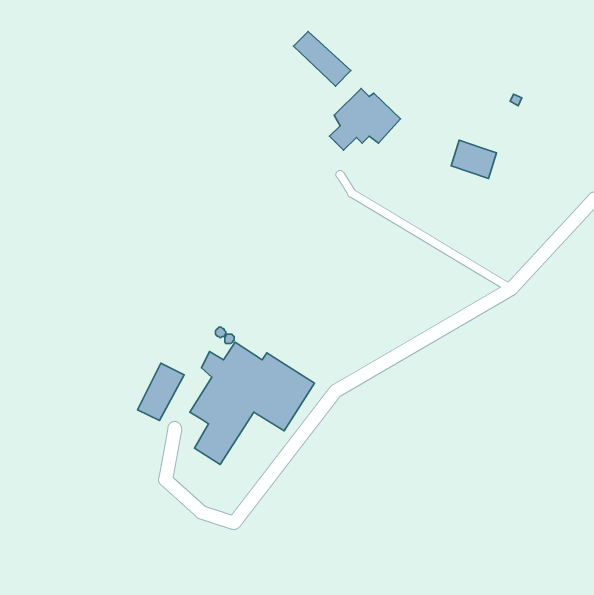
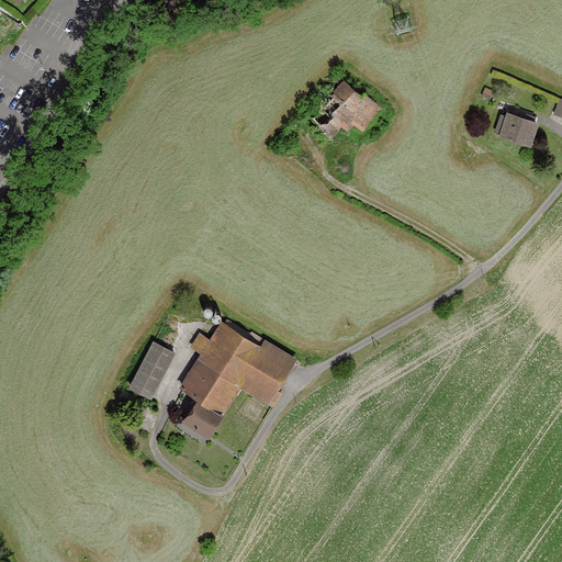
building: [294,32,351,86] -> none
building: [451,140,497,179] -> [496,111,539,147]

